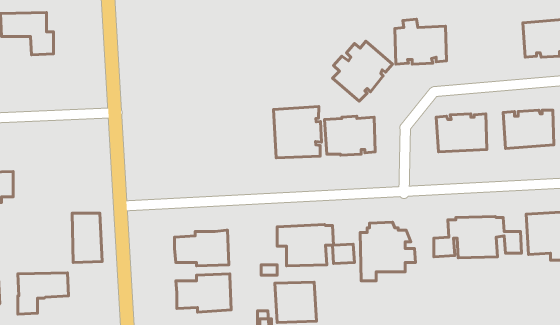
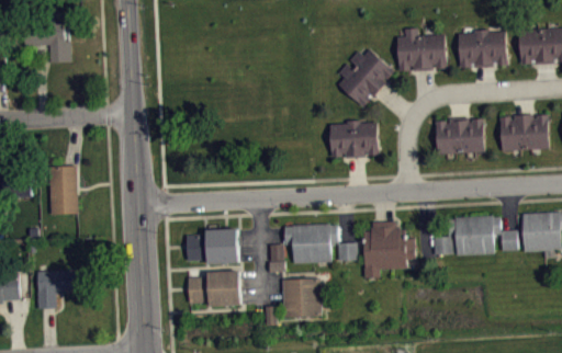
building: none -> [458,30,507,68]
building: [273,107,321,158] -> none
building: [72,213,102,263] -> [49,167,78,214]

